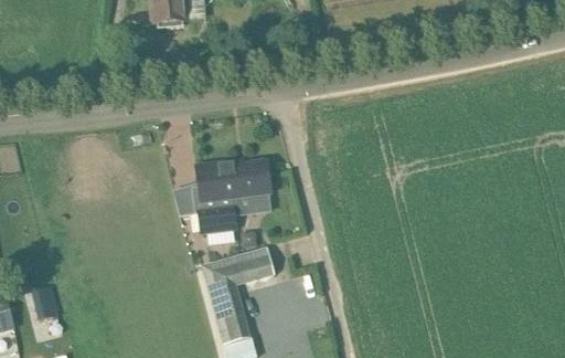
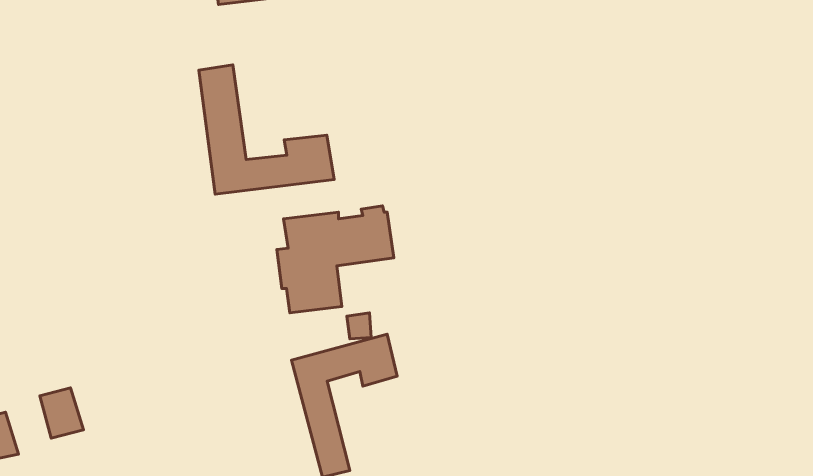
building: none -> [199,65,334,194]

